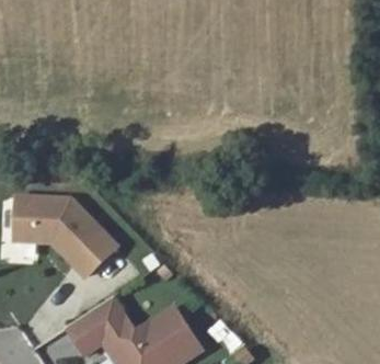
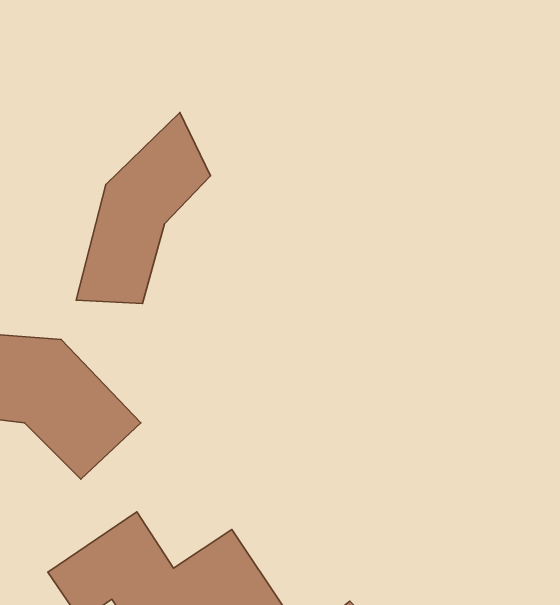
building: none -> [76,112,210,304]

